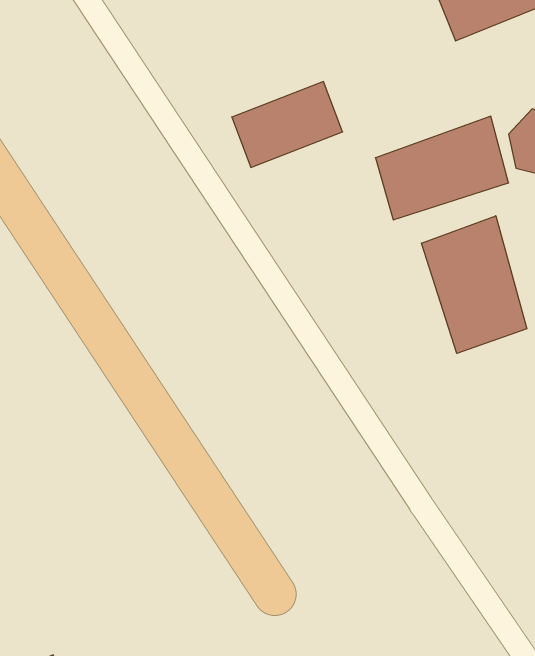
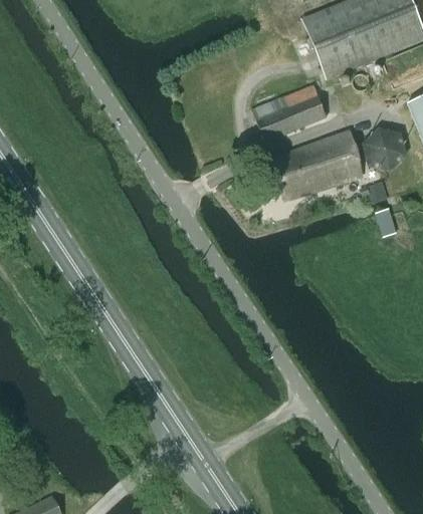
building: [232,82,343,167] -> [252,83,328,142]
building: [421,216,527,353] -> none

